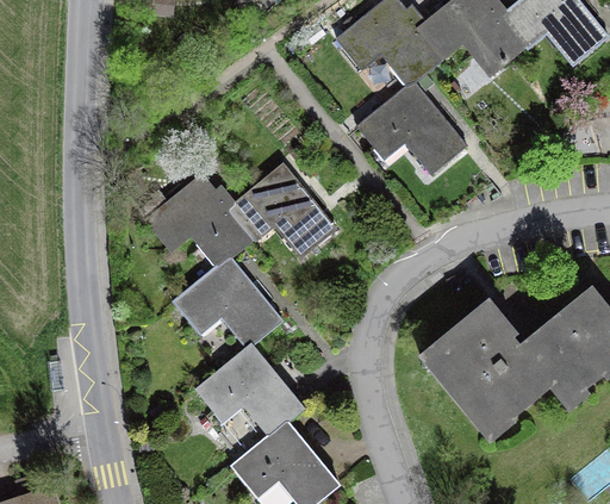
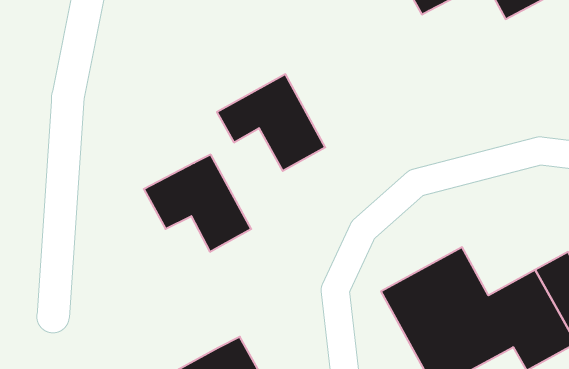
building: [357,81,466,173] -> none
building: [150,178,250,266] -> none
building: [194,343,306,438] -> none

